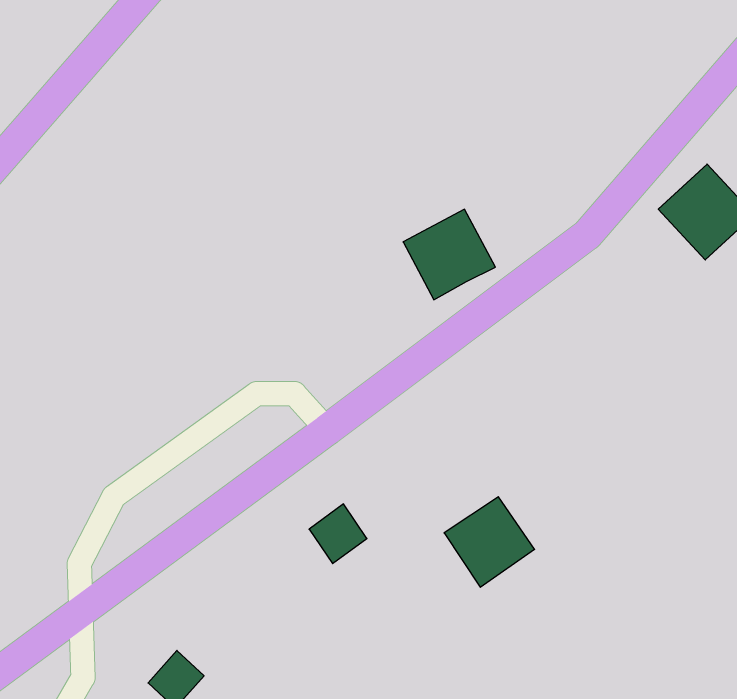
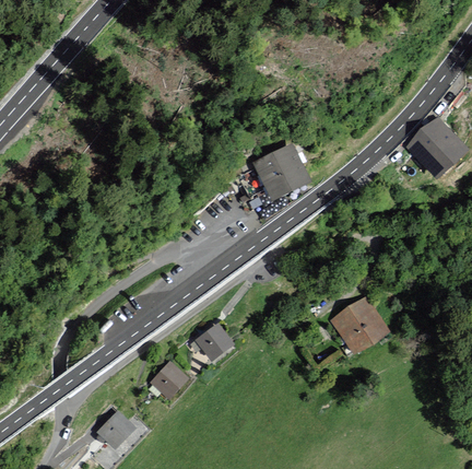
building: [444,497,535,587] -> [332,298,387,353]
building: none -> [150,361,189,399]

